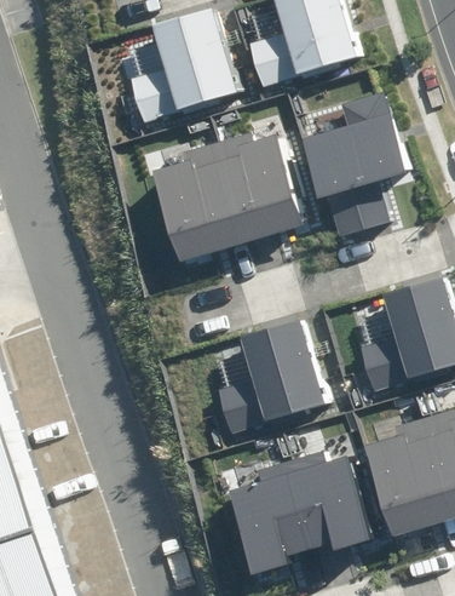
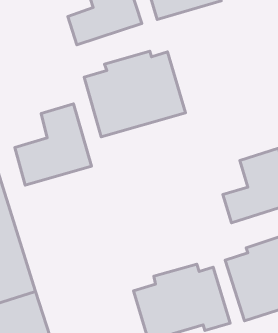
building: [301,93,407,237] -> none
building: none -> [15,104,91,185]
building: [217,320,326,435] -> none

